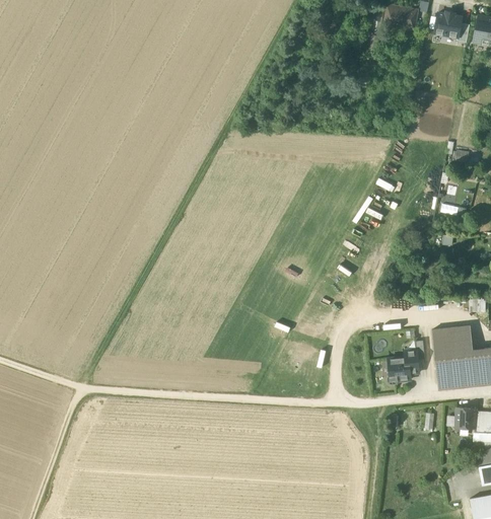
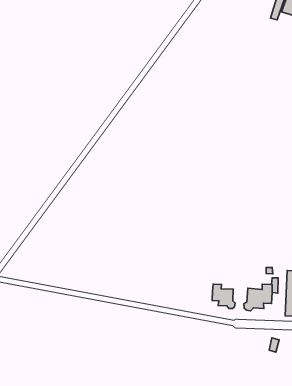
building: none -> [212,284,235,309]

